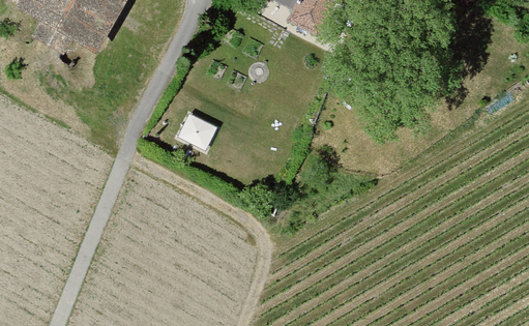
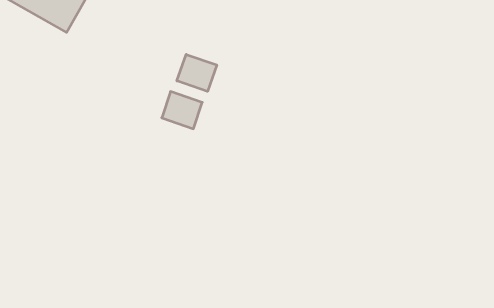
building: none -> [177,54,217,91]

